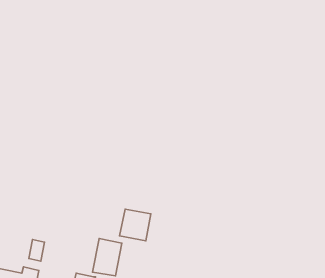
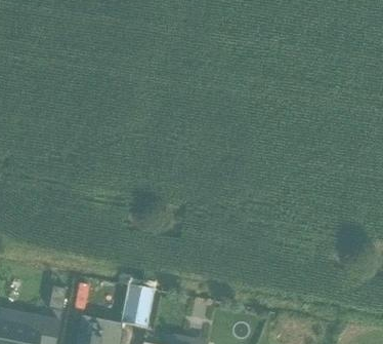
building: [120,209,151,241] -> none

